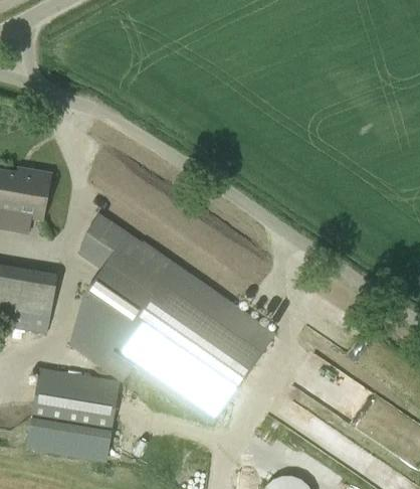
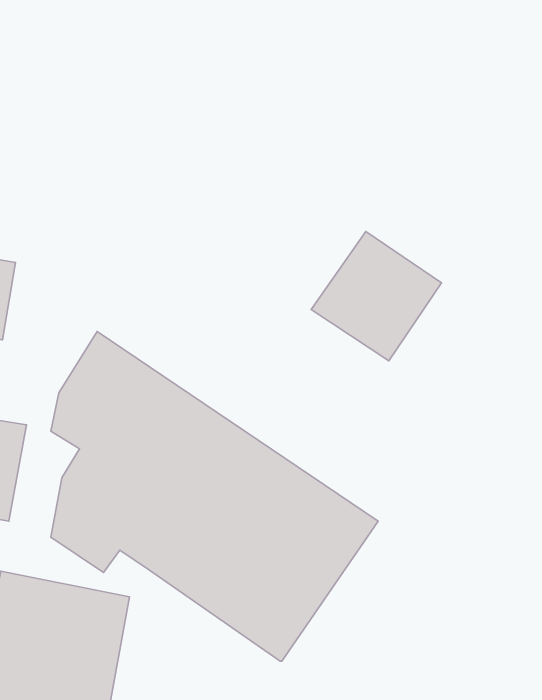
building: none -> [311,232,441,361]

